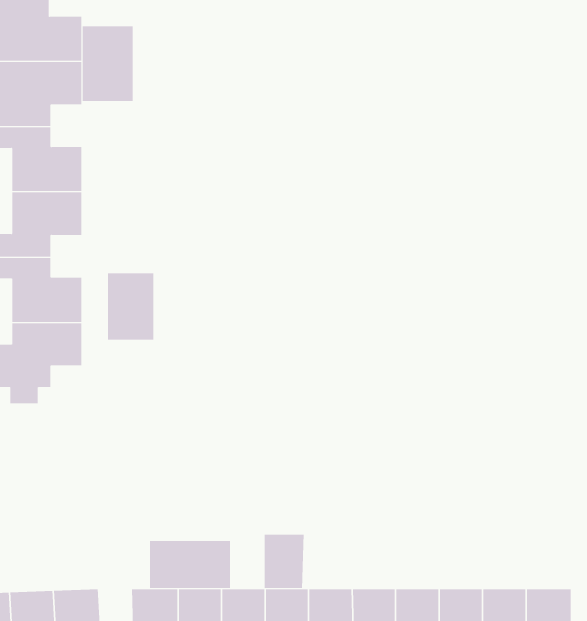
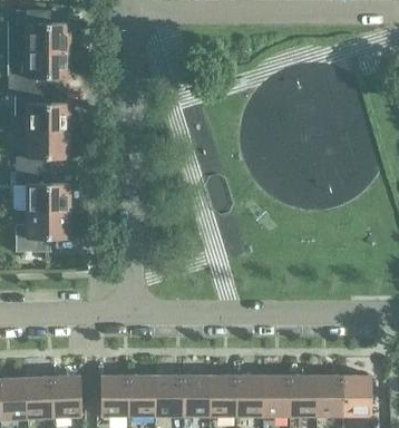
building: [82,26,133,102] -> none
building: [107,272,154,340] -> none
building: [264,534,304,589] -> none
building: [150,540,231,589] -> none

